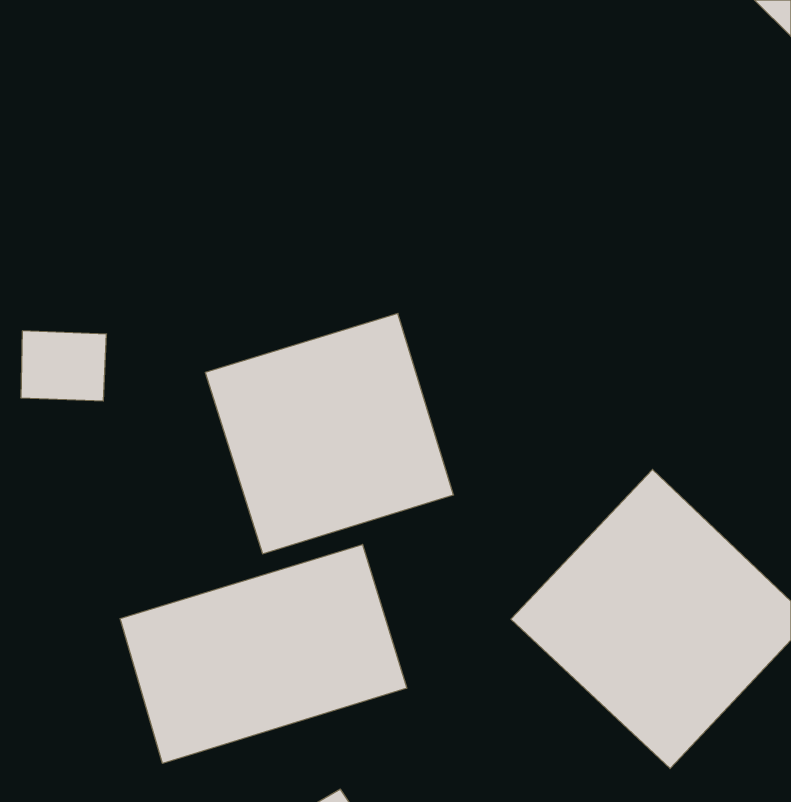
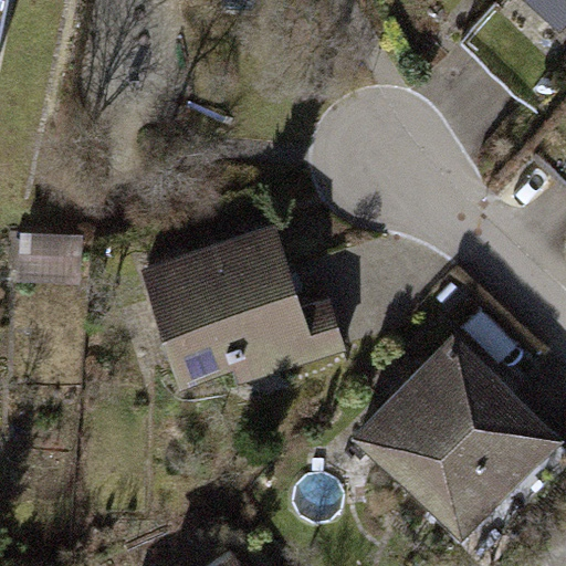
building: [120,544,407,763] -> none

